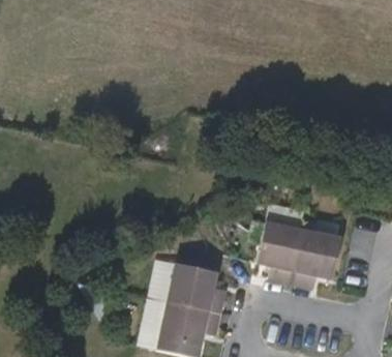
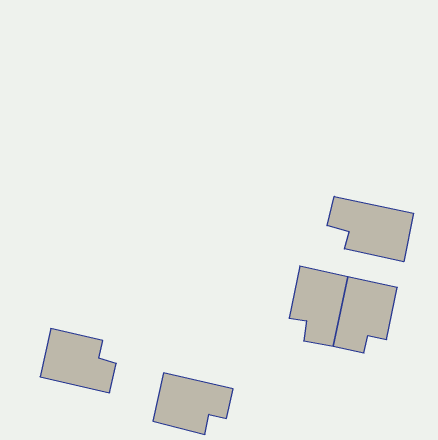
building: none -> [327,196,413,262]
building: [161,265,220,315] -> [40,329,116,393]

